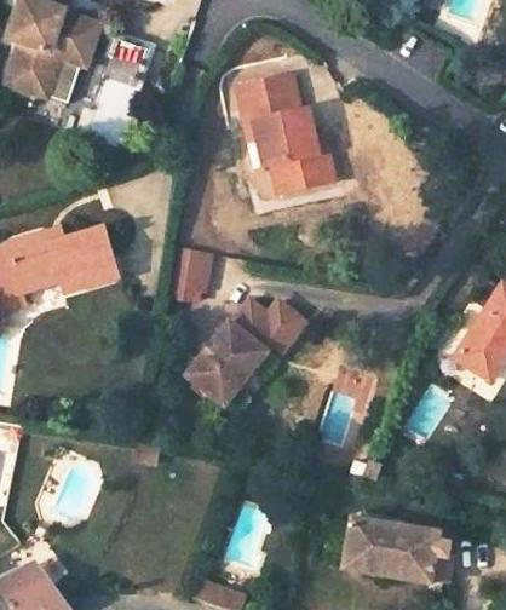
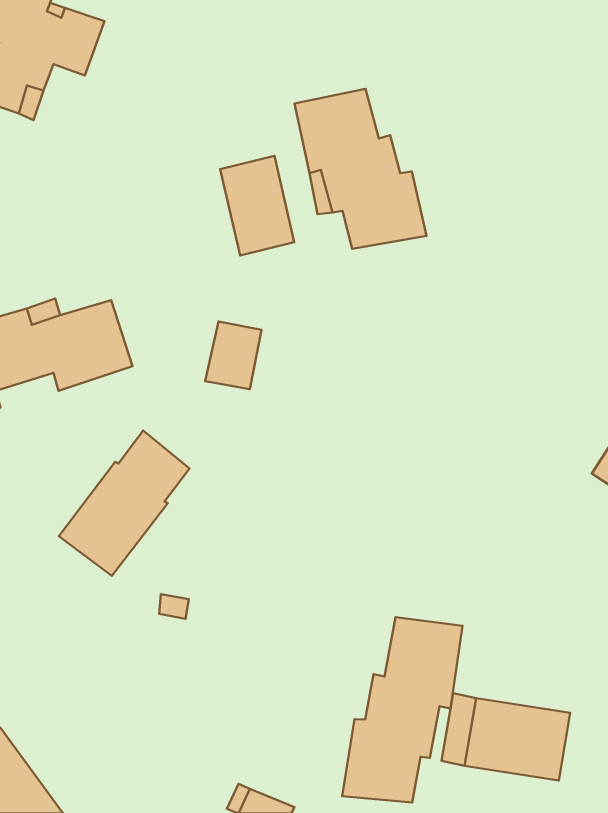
building: none -> [220,156,294,255]
building: [188,298,283,404] -> [59,430,189,576]
building: none -> [342,617,462,803]

